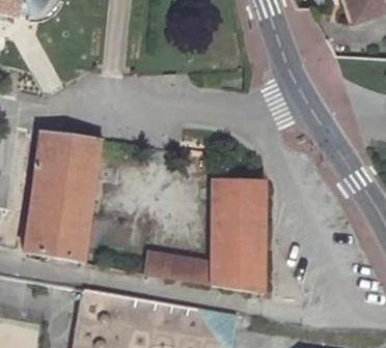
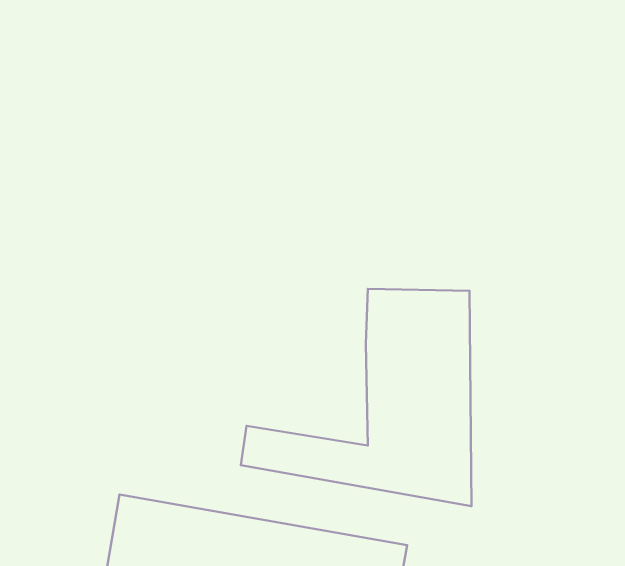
building: [25,135,102,263] -> none

